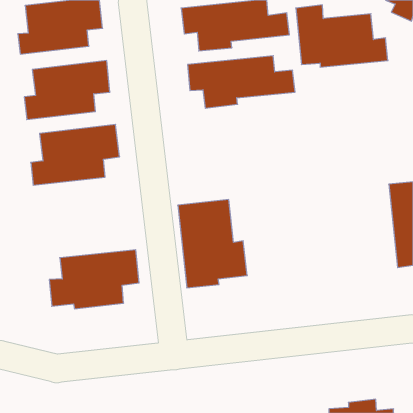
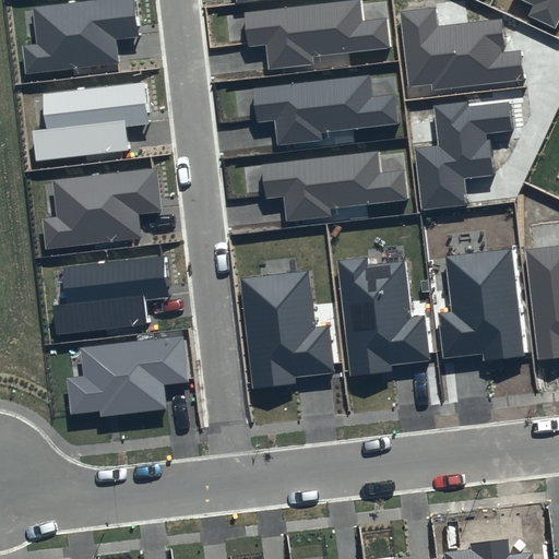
building: none -> [414,103,512,211]
building: none -> [262,151,407,221]
building: none -> [438,248,524,360]
building: none -> [53,254,170,335]
building: none -> [337,258,429,376]

